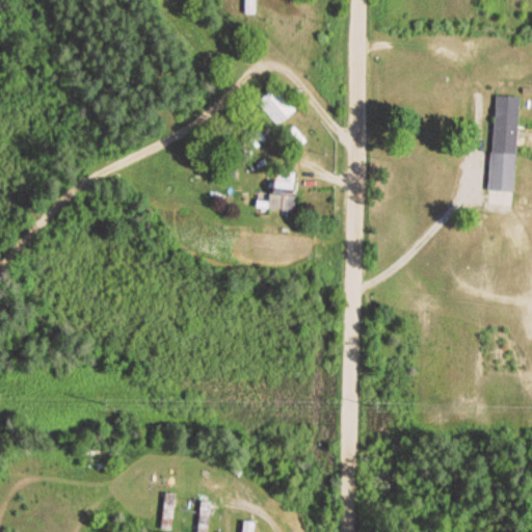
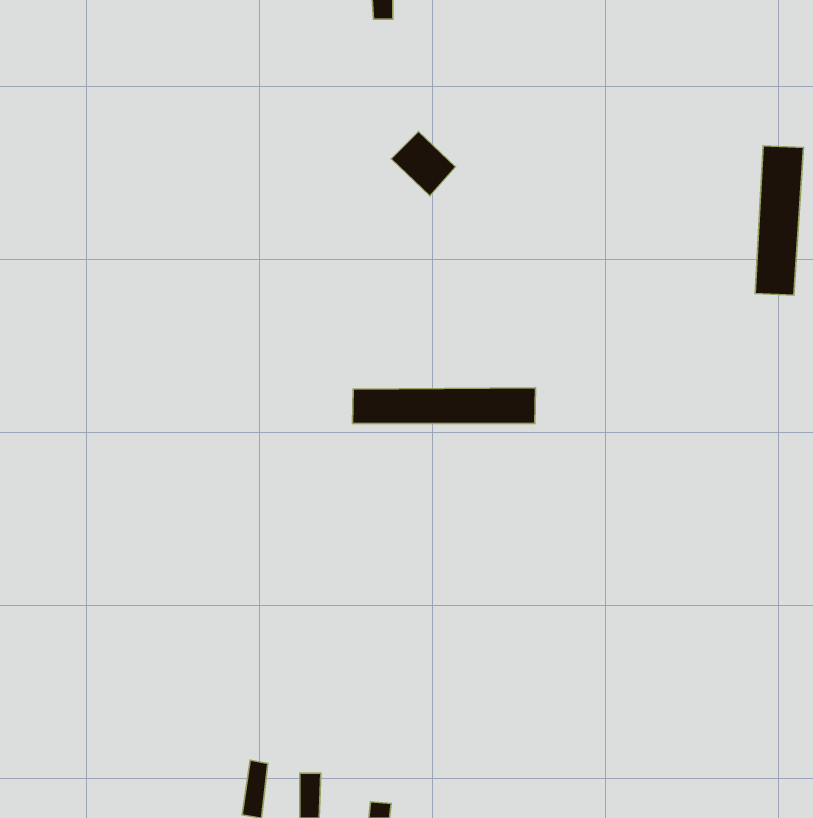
building: [269,181,294,210] -> none
building: none -> [352,388,535,424]

